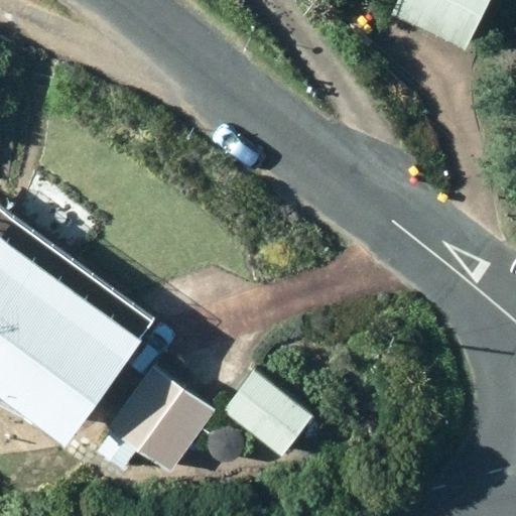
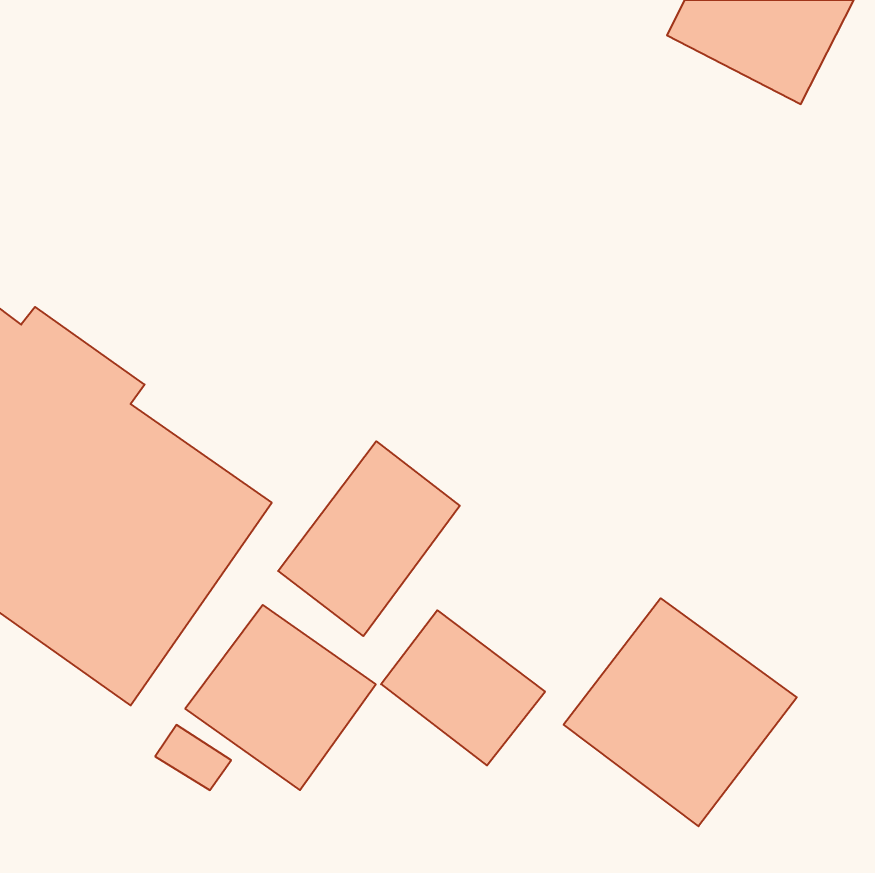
building: none -> [278,441,460,636]
building: none -> [564,598,797,826]

